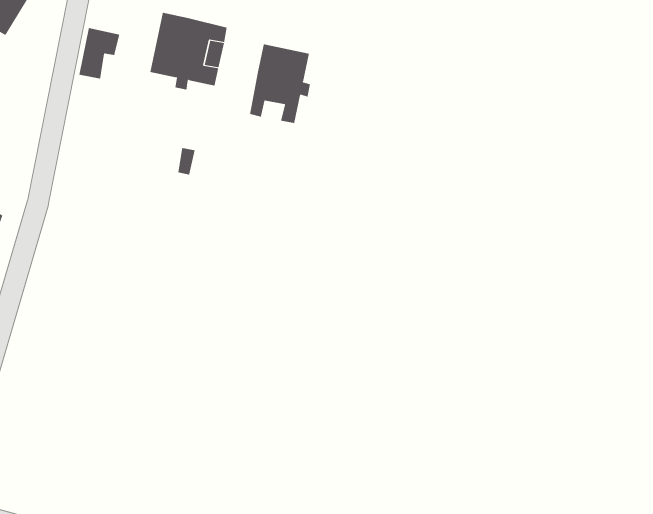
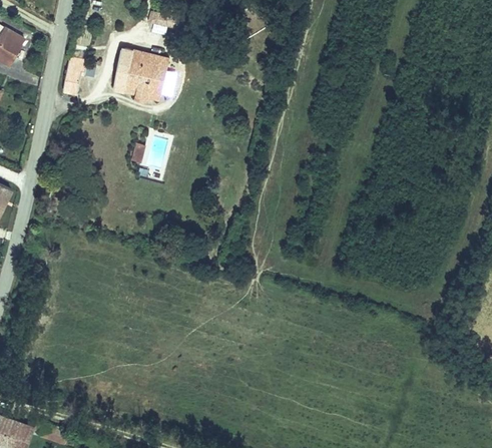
building: [250,43,311,124] -> none

